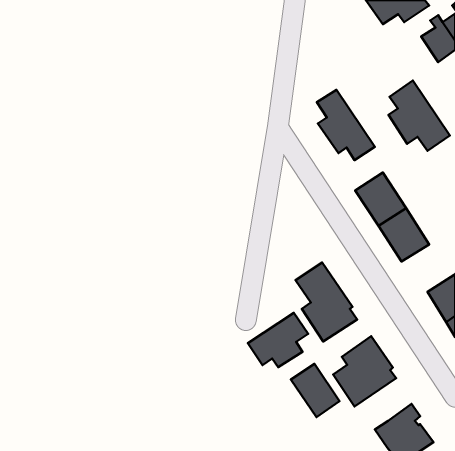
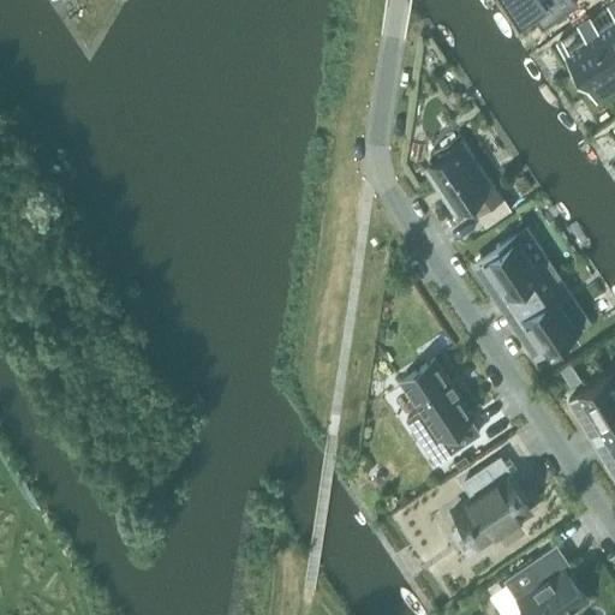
building: [388,81,450,151] -> none
building: [248,313,308,367] -> none
building: [291,364,339,417] -> none

